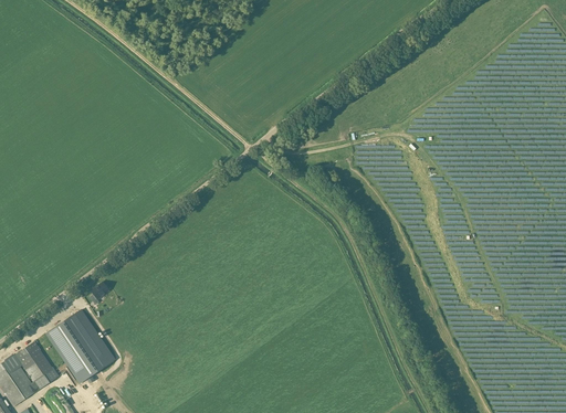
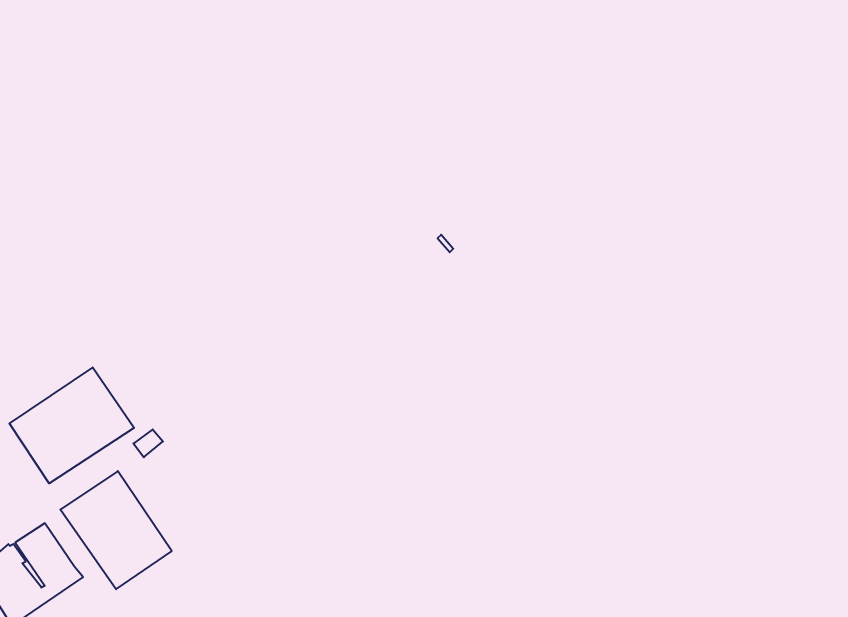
building: none -> [9,367,134,483]

